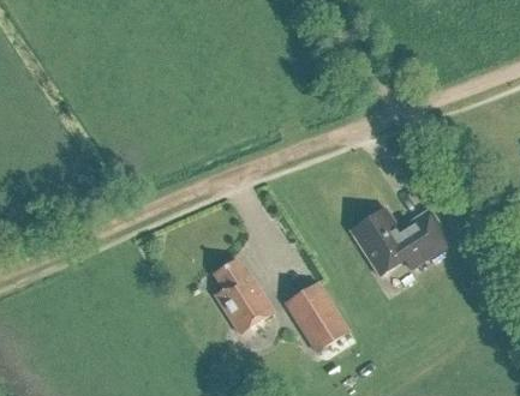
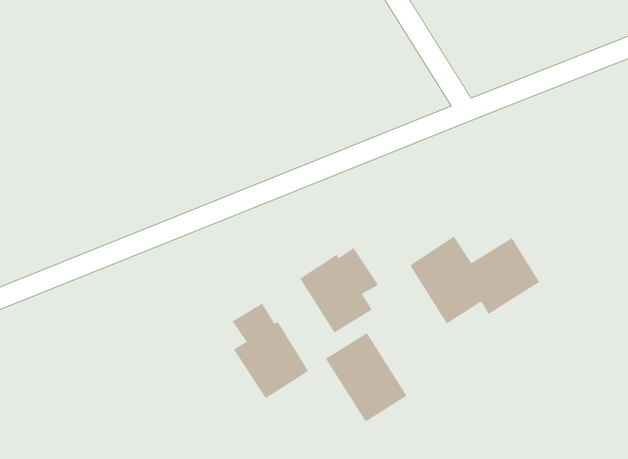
building: none -> [299,247,379,333]

